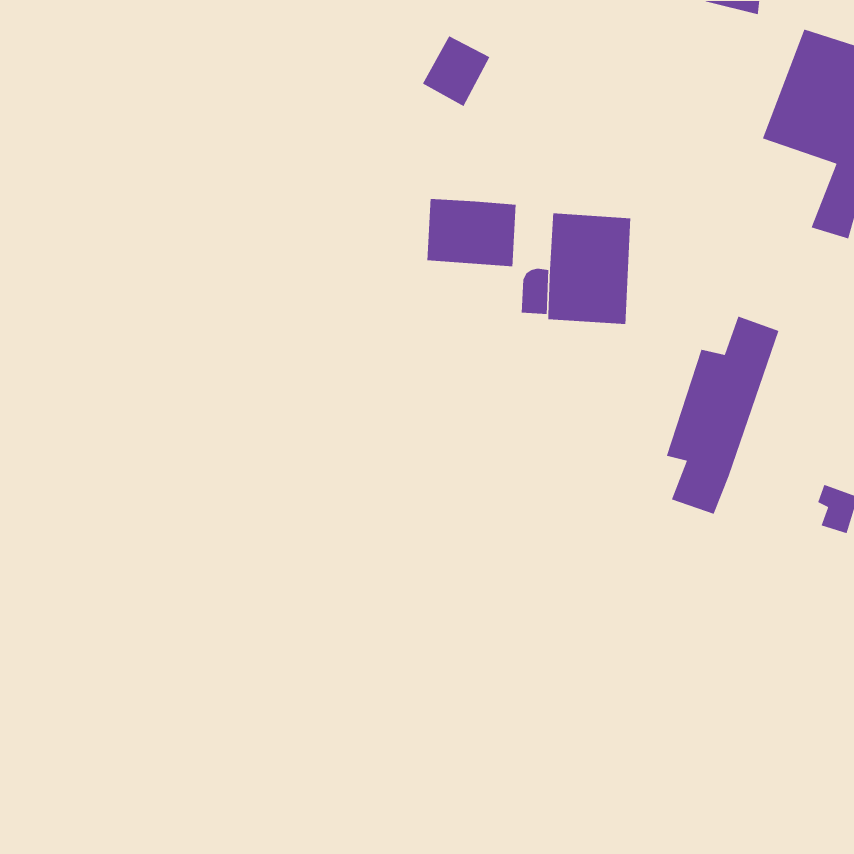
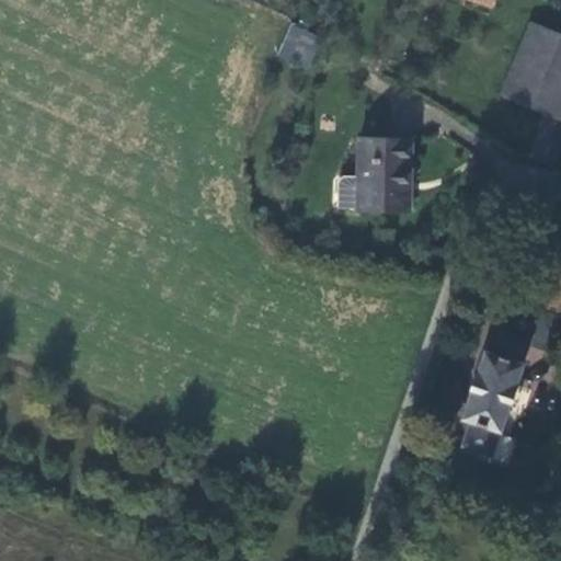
building: [426,198,517,267] -> none
building: [666,315,780,515] -> [457,328,531,458]

